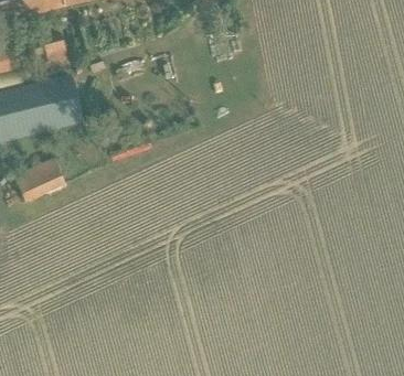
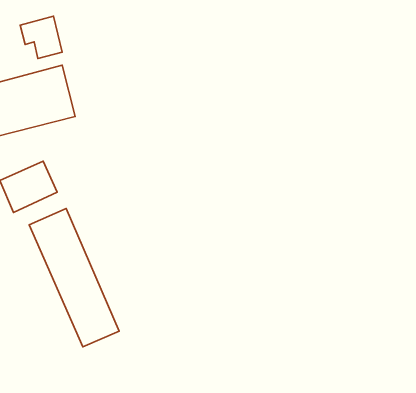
building: none -> [29,208,119,347]

